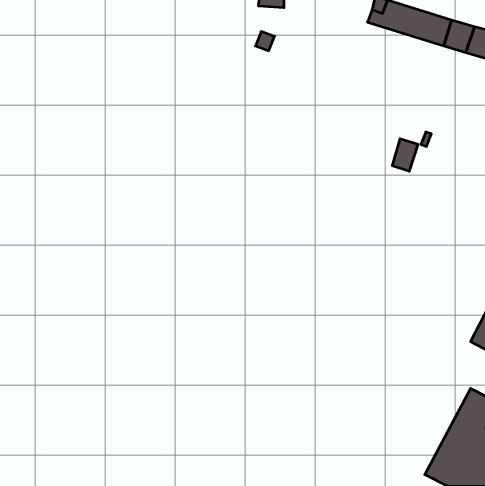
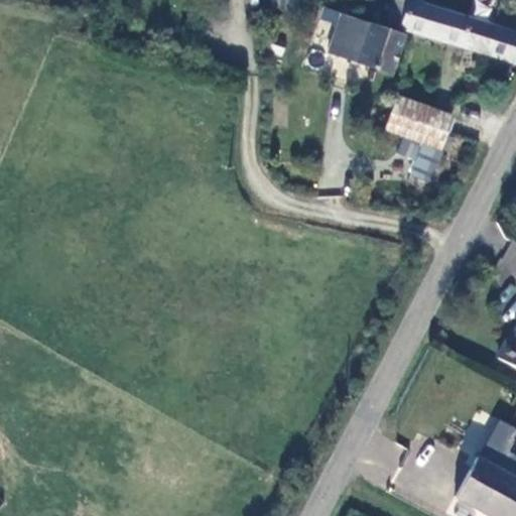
building: none -> [336,16,406,77]
building: none -> [389,98,458,148]

